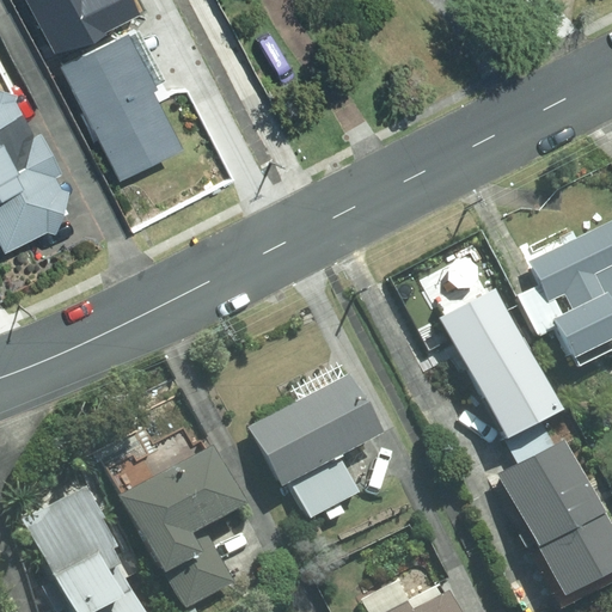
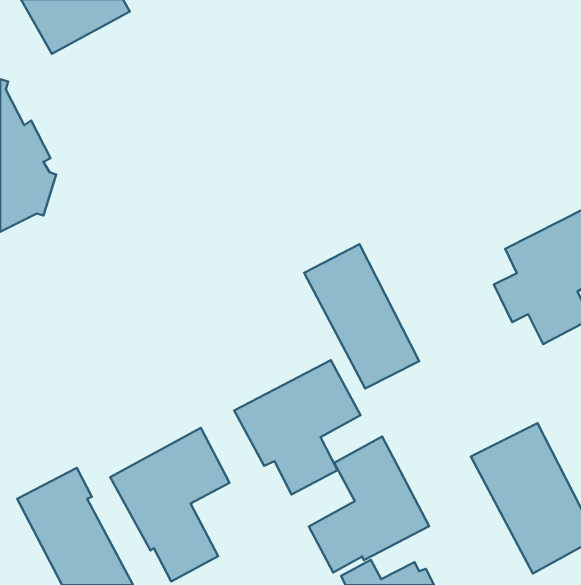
building: [71,38,177,169] -> none
building: [440,289,559,440] -> [304,244,419,389]
building: none -> [309,436,429,573]

